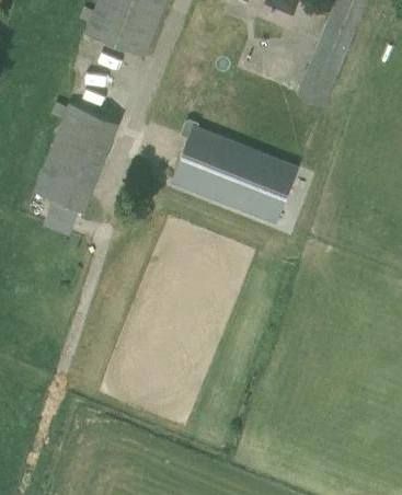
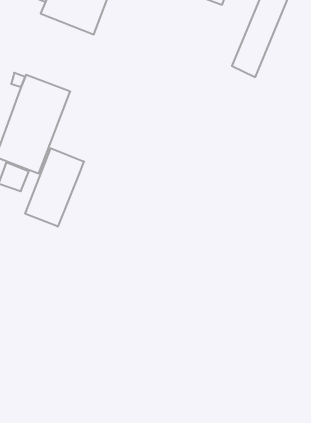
building: [173,126,298,222] -> none
building: none -> [25,148,84,227]

